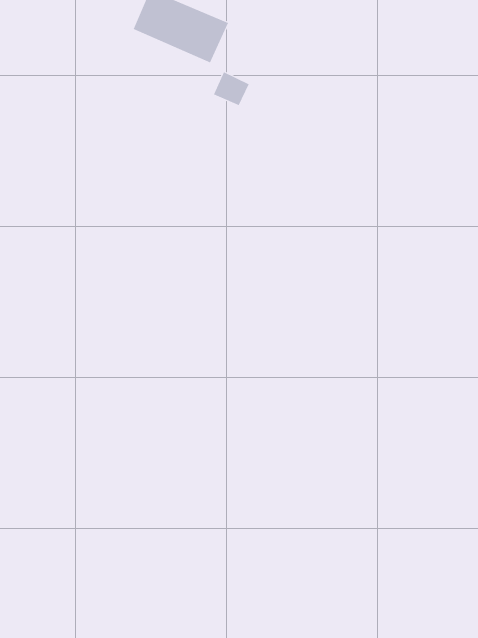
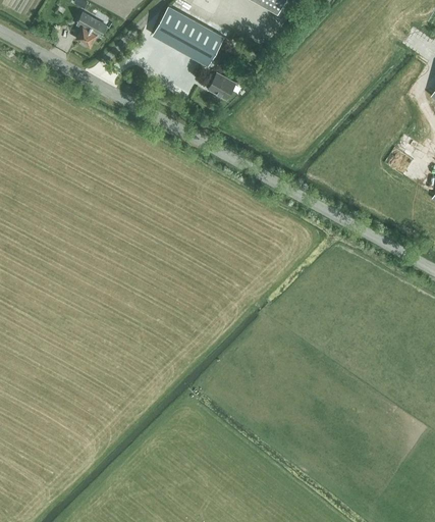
building: none -> [76,13,106,46]

